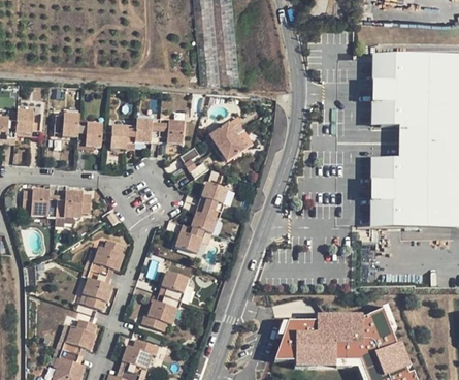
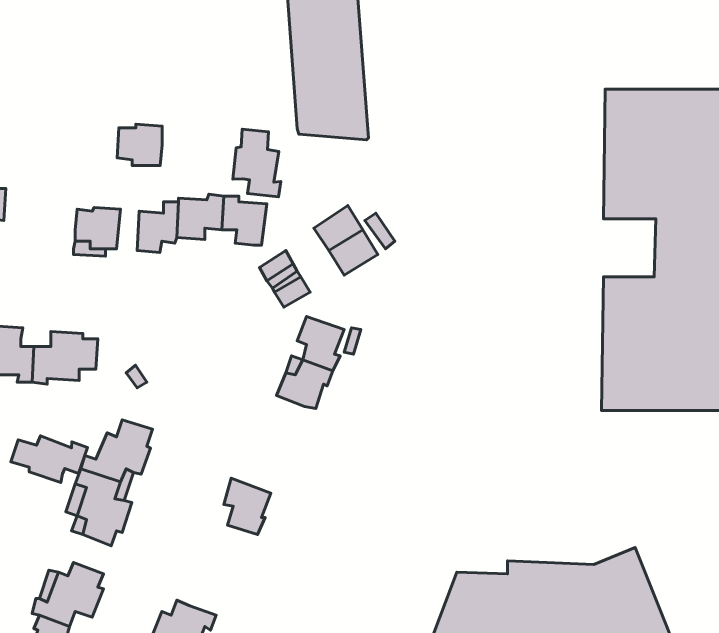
building: none -> [233,129,281,197]
building: [56,112,80,134] -> [117,124,162,165]
building: [174,224,205,253] -> none
building: none -> [11,436,87,482]
building: [139,296,179,330] -> none

